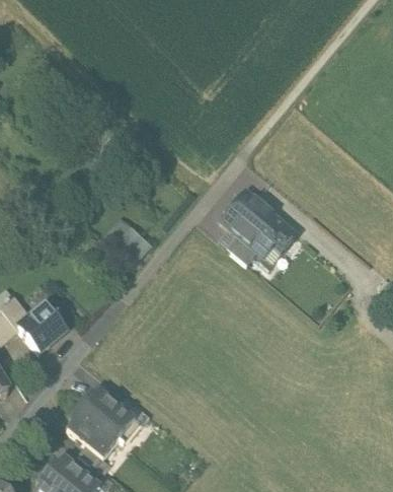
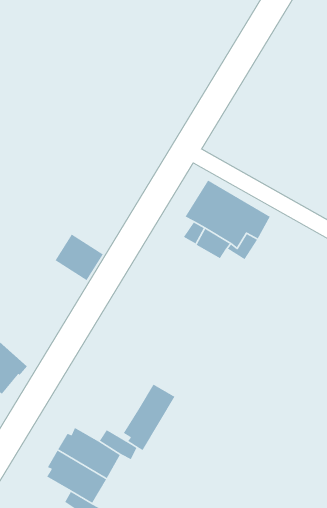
building: none -> [123,384,175,451]

